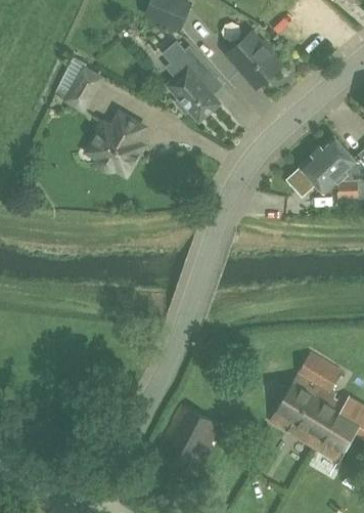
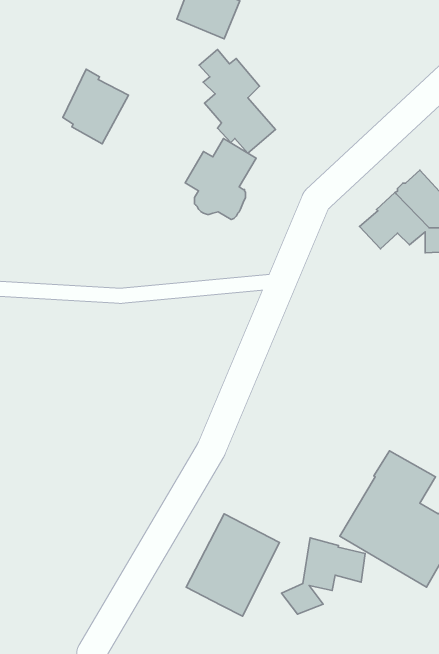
building: [228,32,281,86] -> none
building: [90,111,145,174] -> [185,138,256,220]
building: none -> [282,538,365,614]

